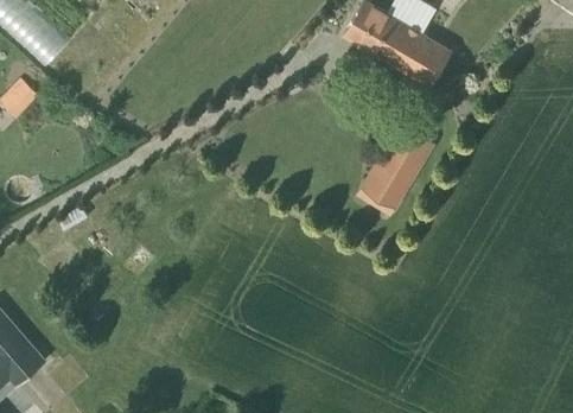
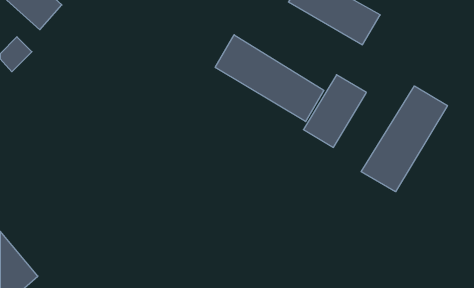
building: none -> [215,35,324,122]
building: none -> [361,86,447,192]

